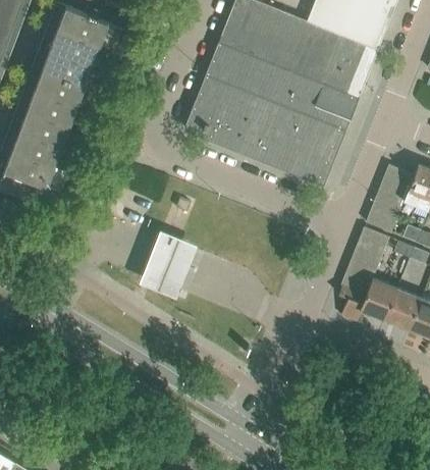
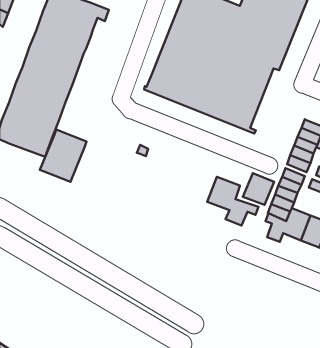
building: none -> [243,173,274,205]
building: [133,236,193,302] -> [40,130,87,182]
building: none -> [207,177,258,225]

